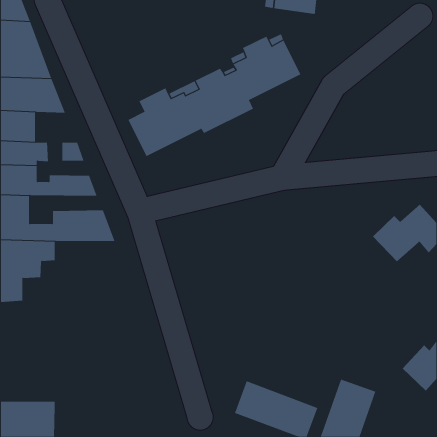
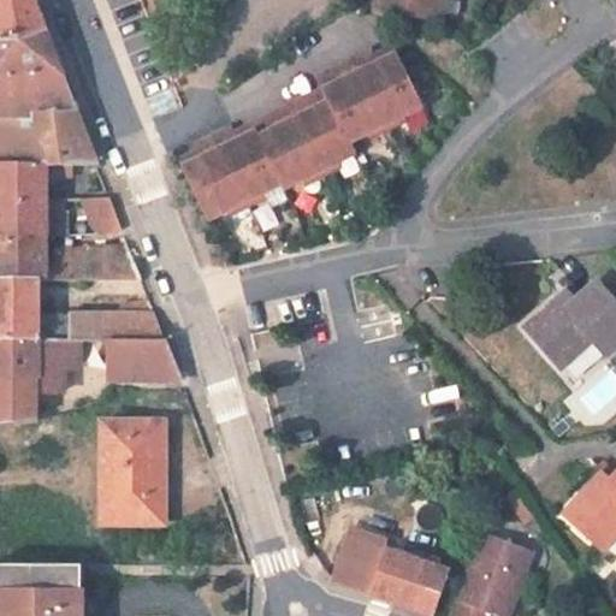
building: none -> [105,339,178,383]
building: none -> [101,422,164,523]

